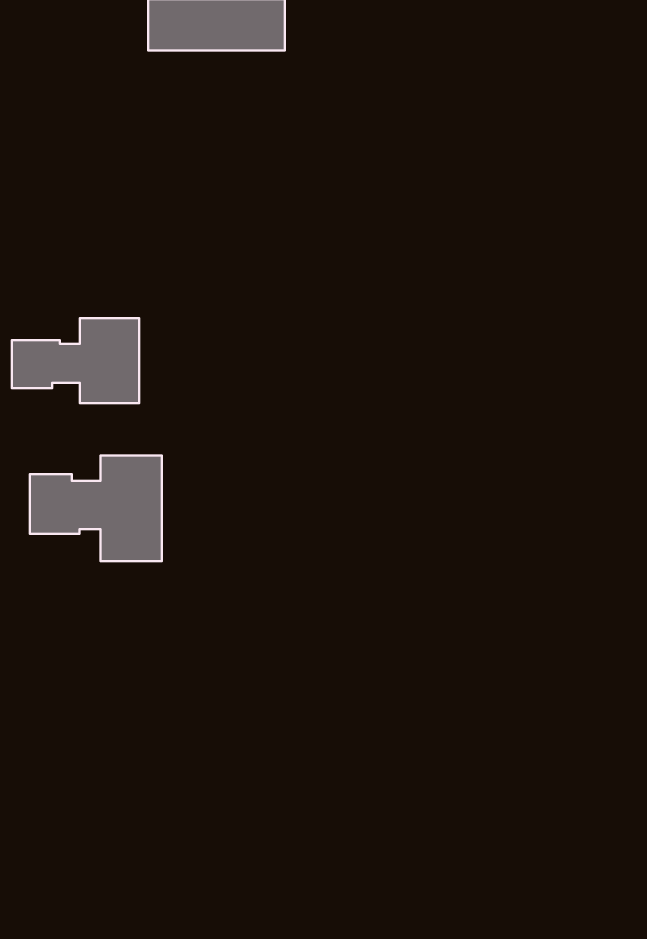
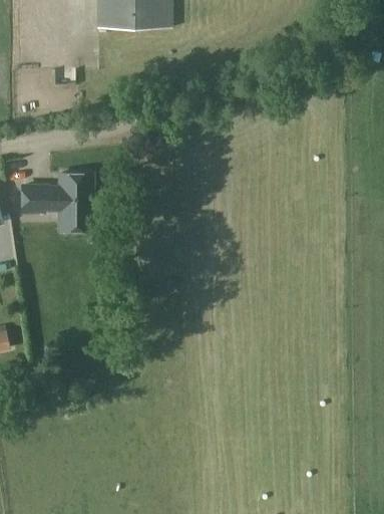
building: [30,456,162,561] -> none

